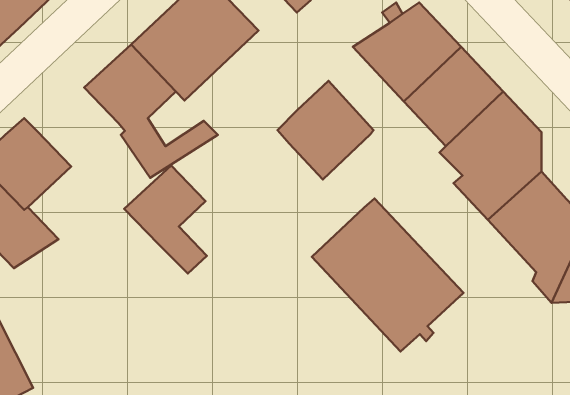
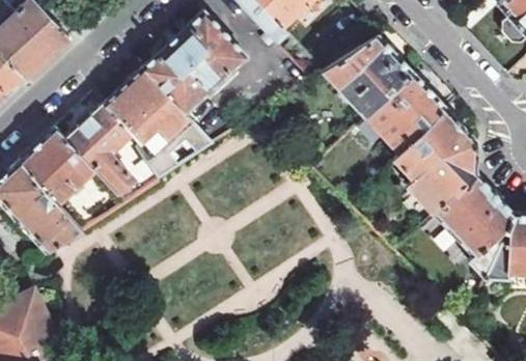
building: [277,81,374,179] -> none
building: [124,165,207,274] -> [64,106,132,194]
building: [312,198,463,351] -> none

